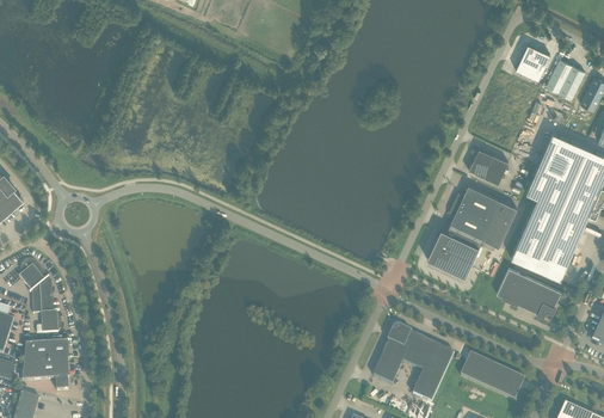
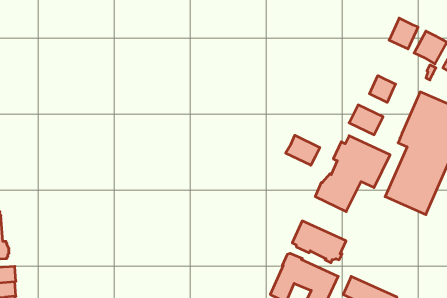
building: none -> [369,76,396,102]
building: none -> [286,135,320,165]
building: [495,268,560,318] -> [292,221,346,263]

